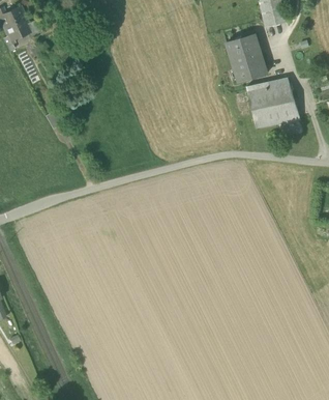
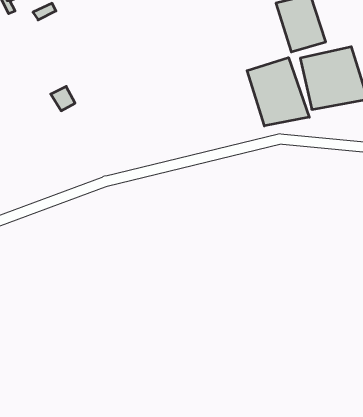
building: none -> [247,58,309,126]

